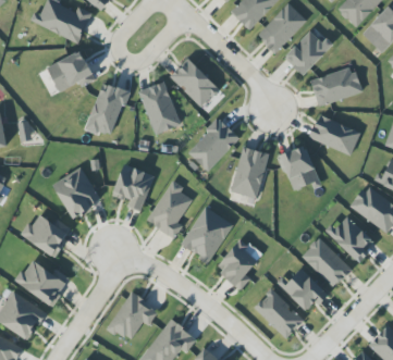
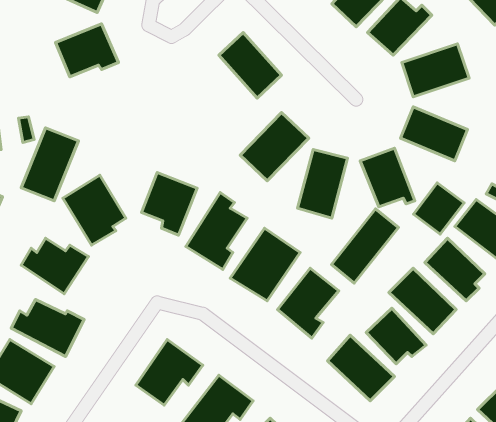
building: [85,82,128,137] -> [21,128,79,201]
building: [138,82,181,135] -> none
building: none -> [413,183,464,234]
building: none -> [331,209,398,283]

